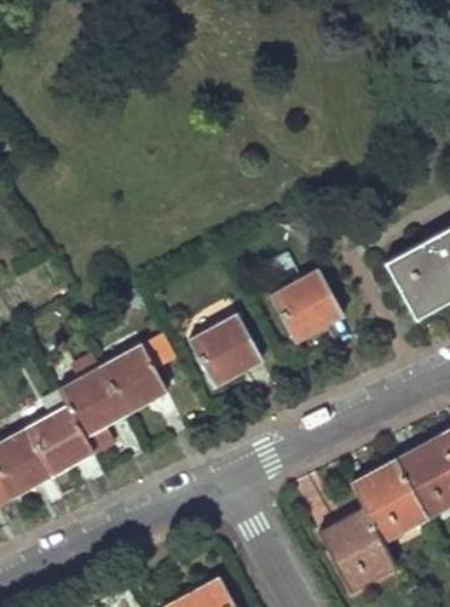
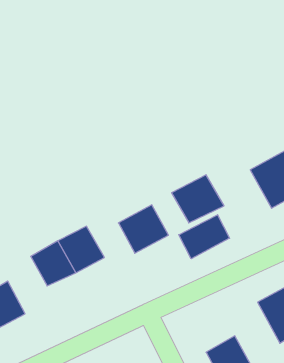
building: none -> [179,215,230,259]
building: [25,390,93,475] -> none
building: [347,458,427,543] -> none

